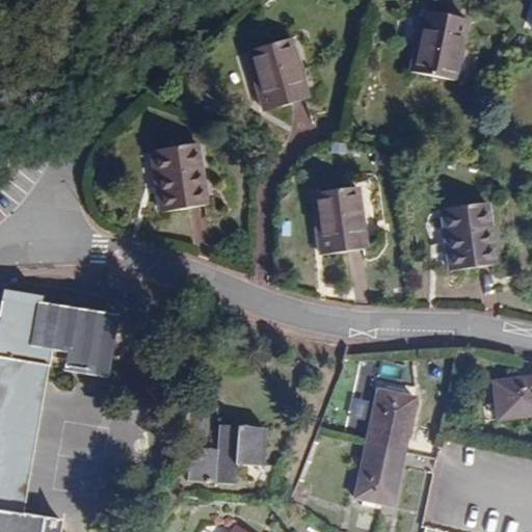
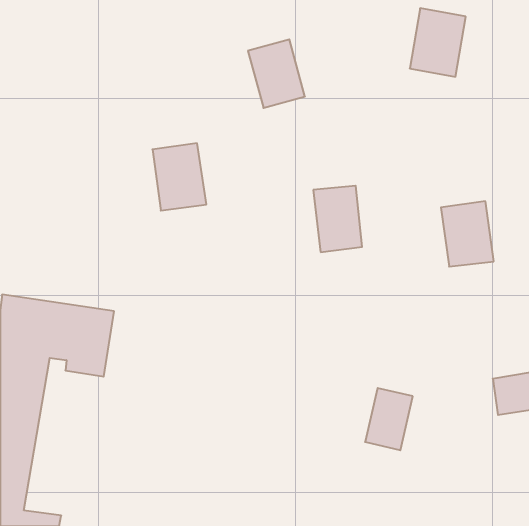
building: [186,425,266,484] -> none
building: [355,443,402,502] -> none

